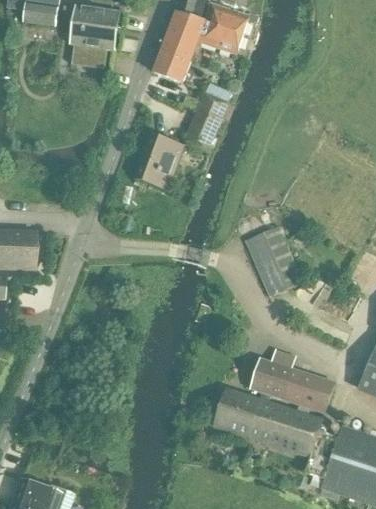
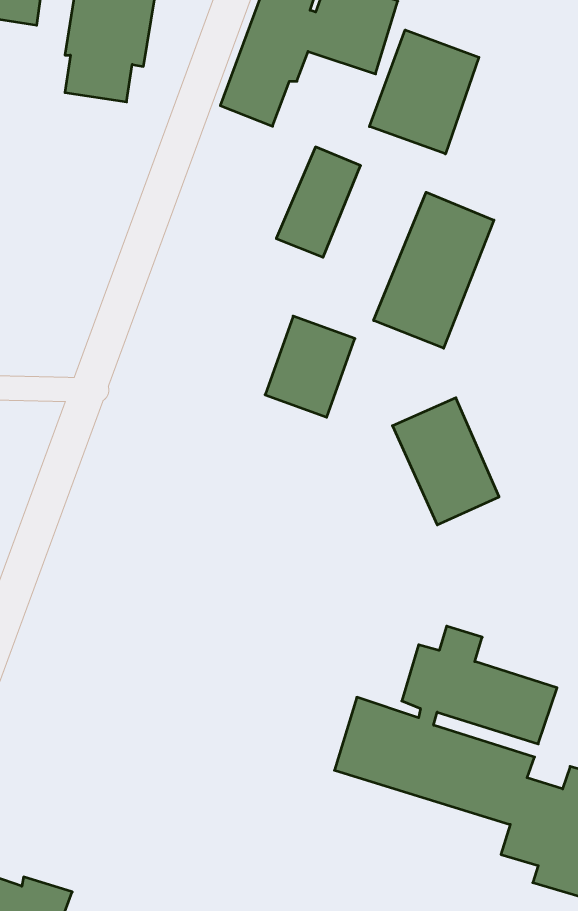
building: none -> [369,30,479,154]
building: none -> [374,192,494,348]
building: [134,134,182,188] -> [265,316,355,417]

